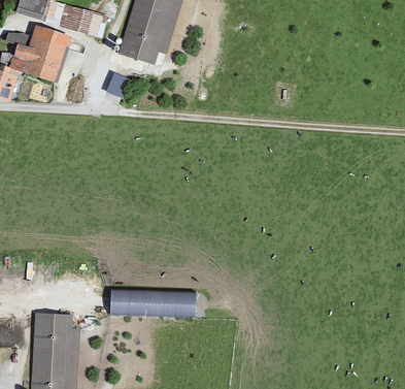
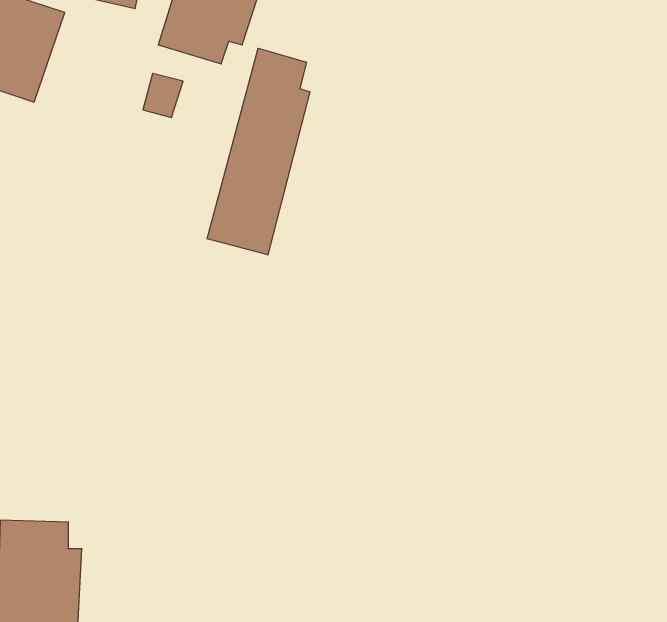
building: none -> [207,48,310,255]
building: [114,286,201,317] -> none

